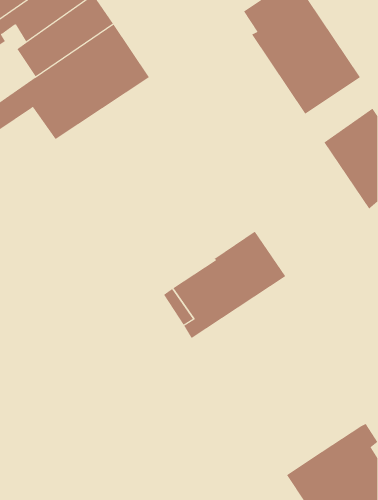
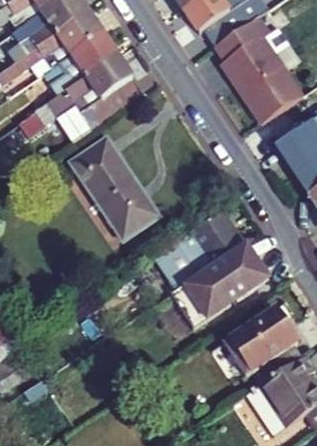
building: none -> [70,137,158,239]
building: none -> [171,244,269,327]
building: none -> [224,306,302,375]

